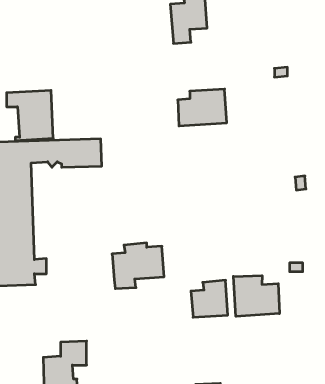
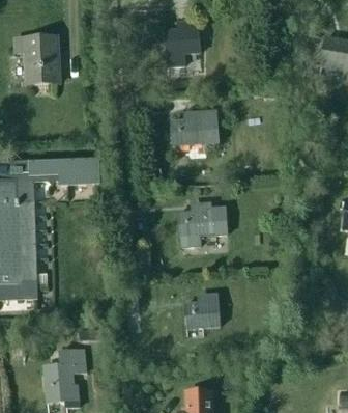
building: [7,90,53,140] -> [15,36,59,84]
building: [112,243,164,289] -> [178,201,228,245]
building: [233,276,279,316] -> none

